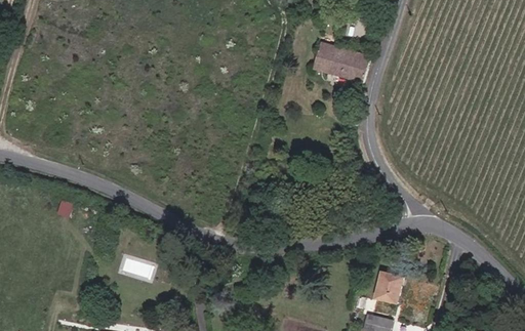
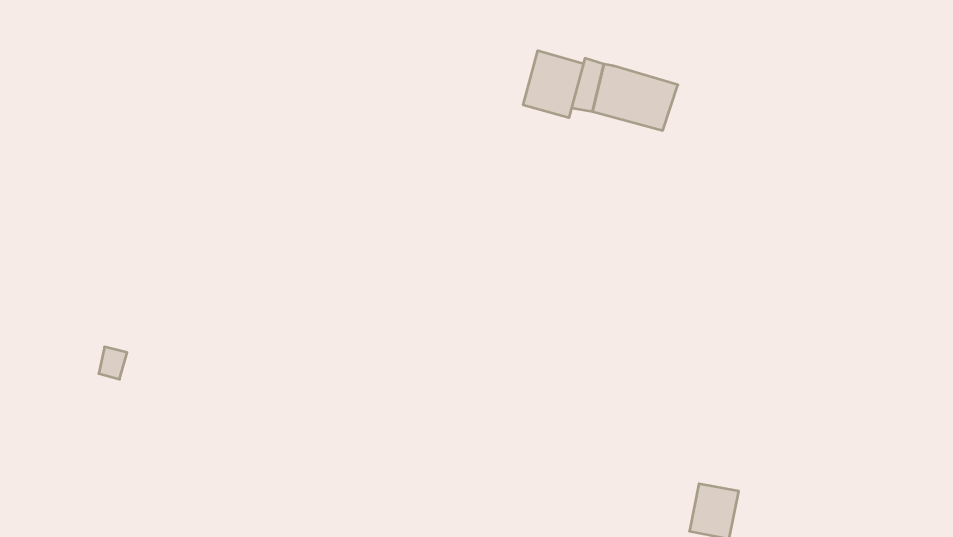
building: none -> [523,51,584,118]

